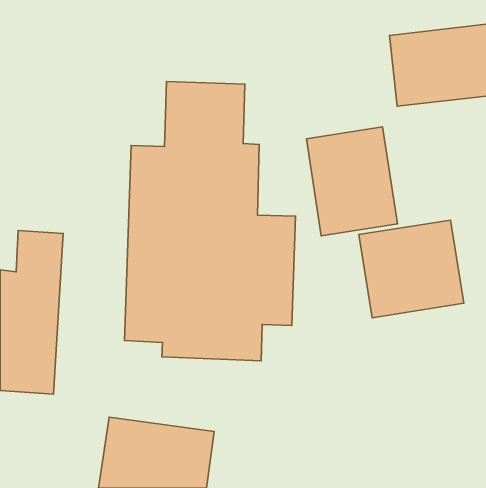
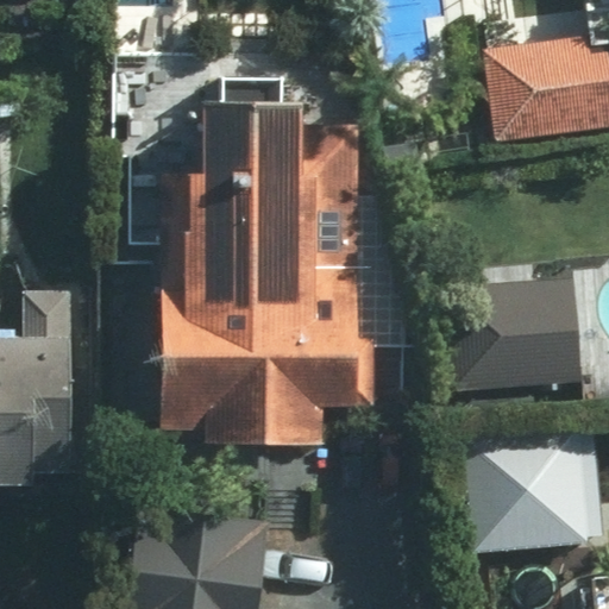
building: [306,127,397,236] -> none
building: none -> [453,439,599,553]

